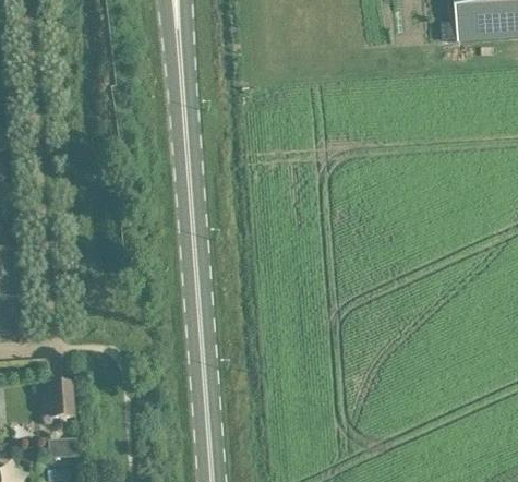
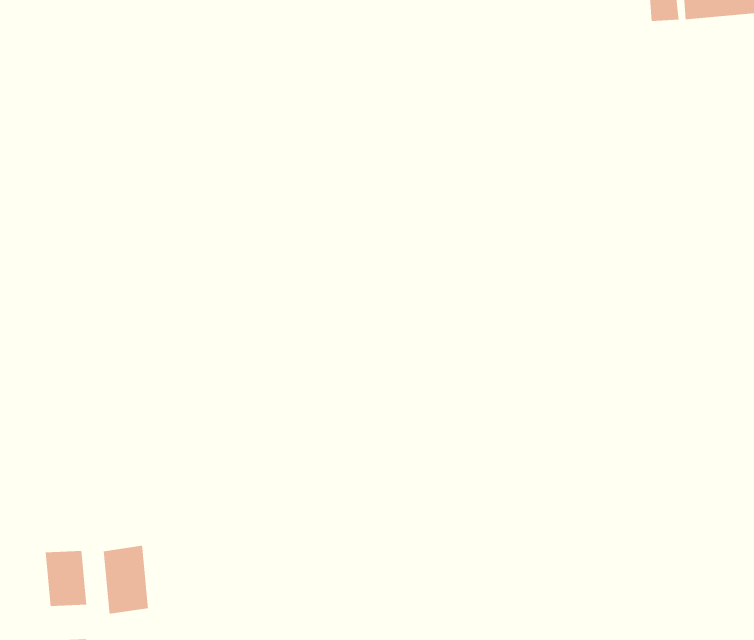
building: none -> [103,545,148,615]

